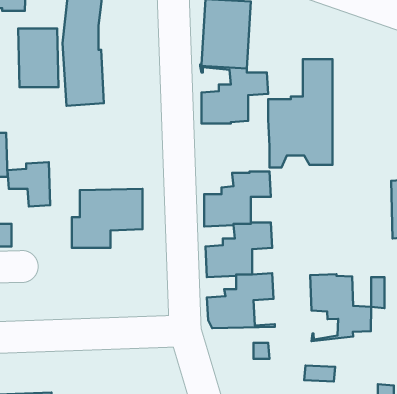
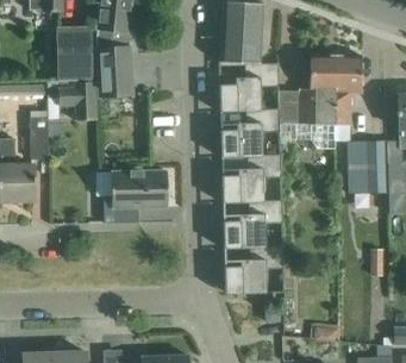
building: none -> [336,55,362,124]
building: none -> [220,108,280,157]
building: none -> [348,140,382,193]
building: [7,162,50,206] -> [60,80,98,119]
building: [310,274,371,341] -> none

